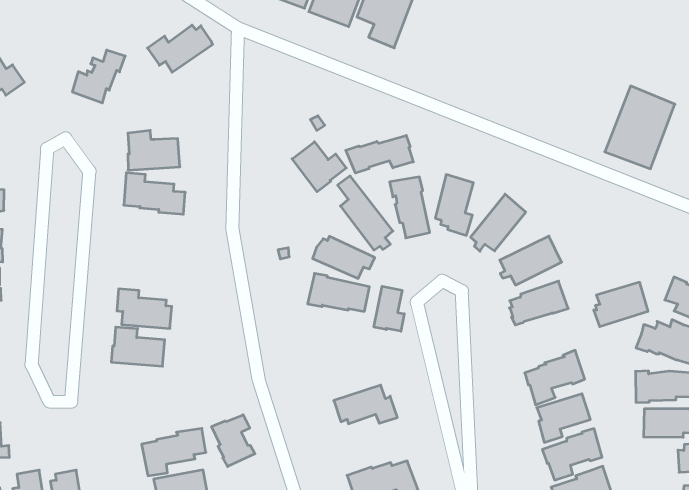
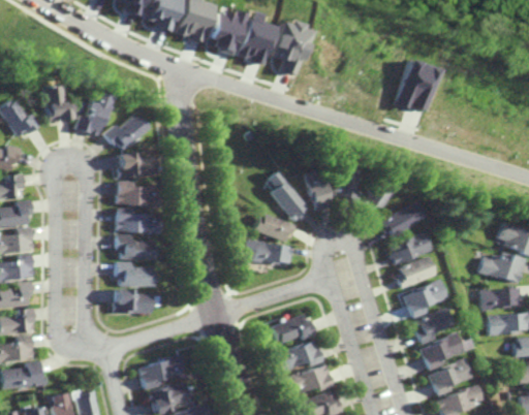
building: [147,25,213,72] -> [99,114,145,148]
building: none -> [42,90,68,121]
building: [605,86,675,169] -> [392,59,438,116]
building: [346,135,413,173] -> none
building: [292,142,346,192] -> none
building: none -> [115,206,158,233]
building: none -> [115,234,154,259]
building: [594,282,648,327] -> [398,256,436,289]
building: [374,286,404,331] -> none
building: [212,415,255,467] -> none
building: none -> [279,341,326,373]

